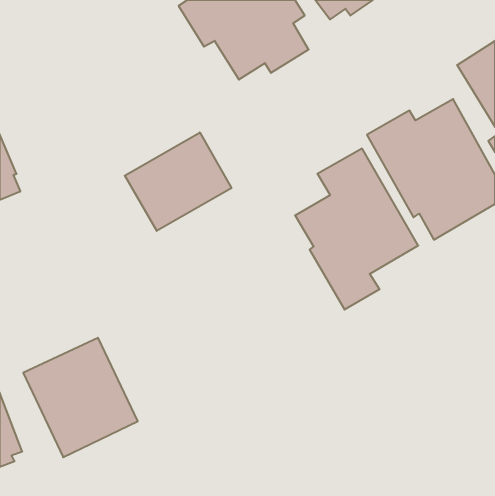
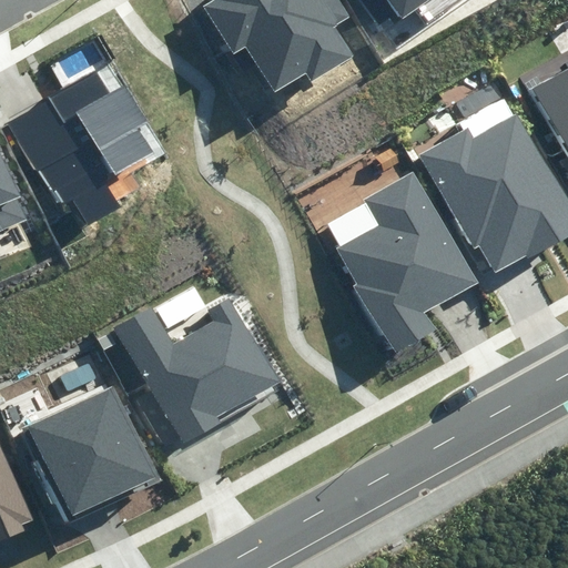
building: none -> [7,72,153,224]
building: [125,132,231,231] -> none
building: none -> [114,297,277,445]

